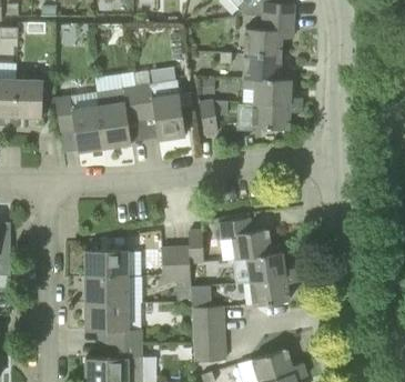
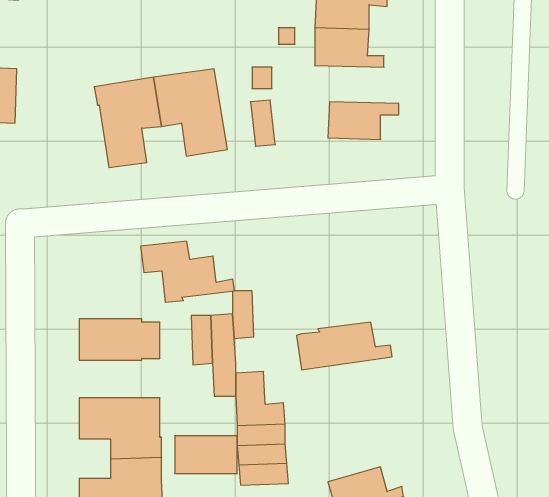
building: [243,79,301,104] -> none
building: [55,93,105,152] -> none
building: [219,219,282,260] -> [141,241,234,302]
building: [251,275,297,306] -> none
building: [85,278,128,303] -> [175,436,237,474]

